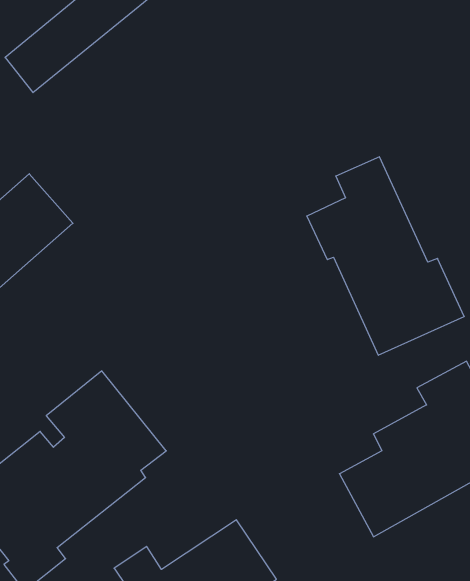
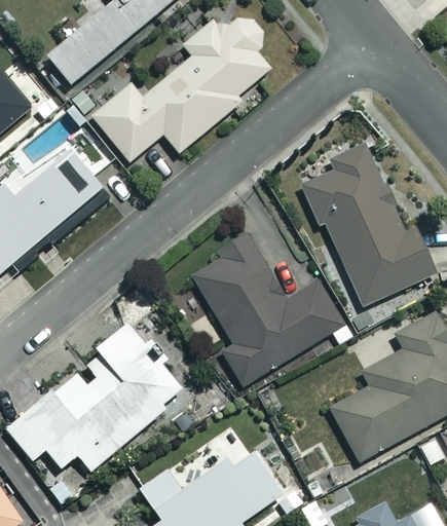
building: none -> [91,16,271,162]
building: none -> [191,231,344,384]

